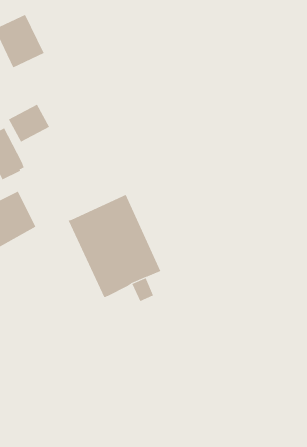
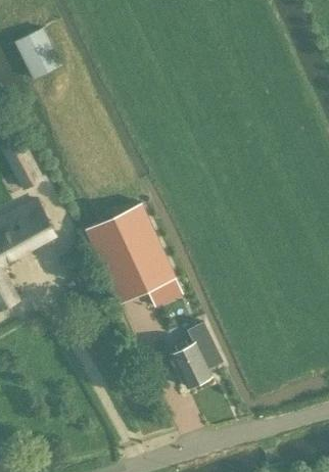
building: [8,104,50,143] -> none
building: none -> [172,323,222,386]

